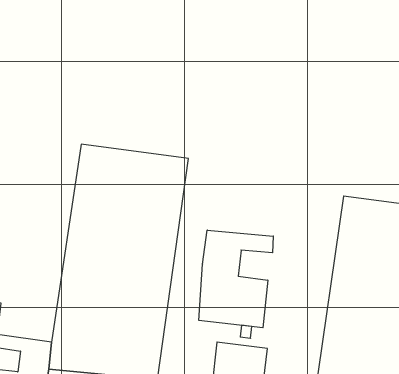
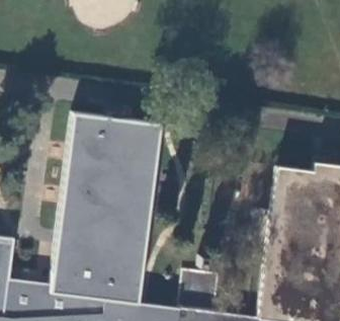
building: [199,230,273,328] -> none

